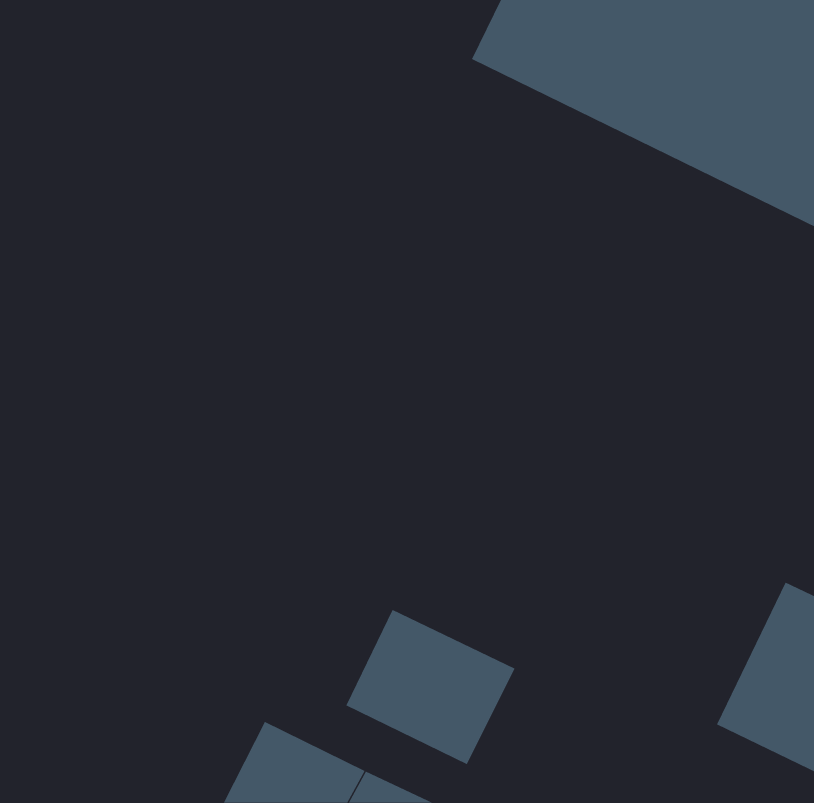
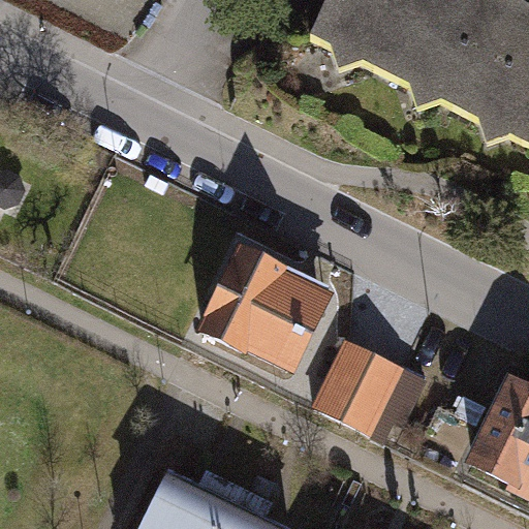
building: none -> [196,246,332,376]
building: [346,609,515,765] -> [317,335,427,435]

